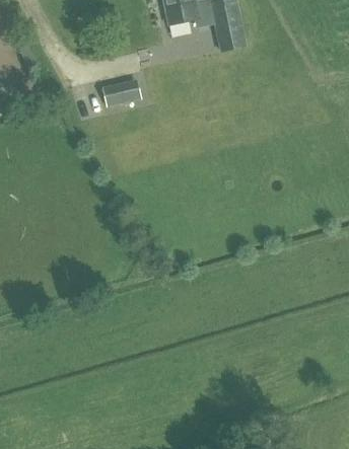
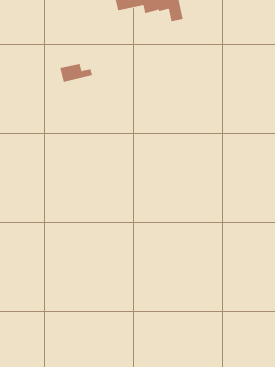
building: [214,20,246,51] -> none

